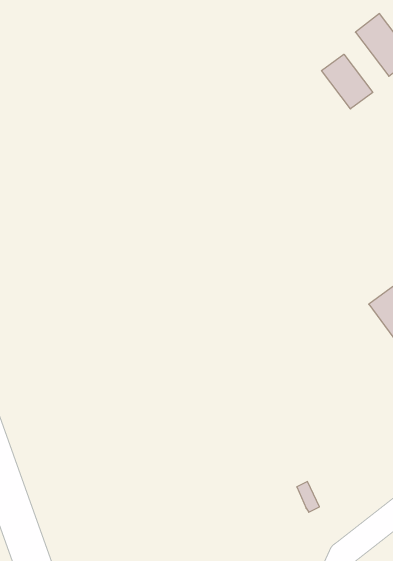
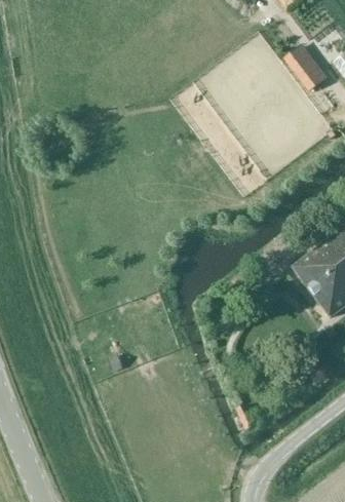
building: [322,54,373,109] -> none

